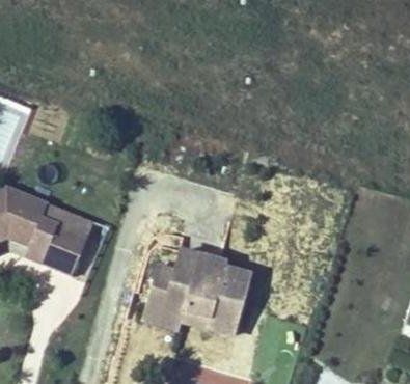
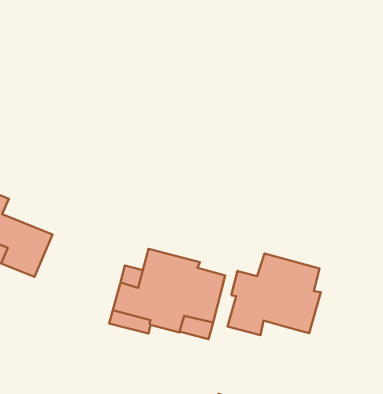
building: none -> [228,253,321,335]

